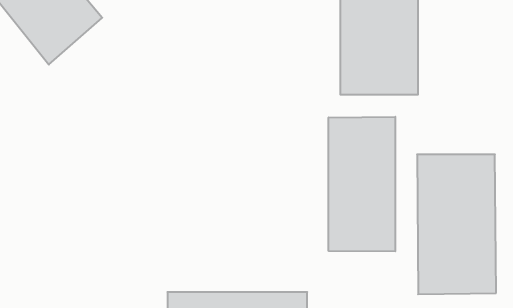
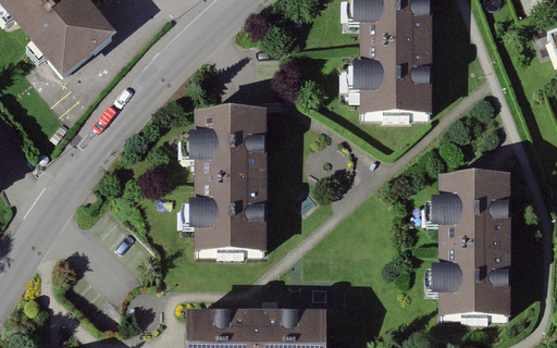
building: none -> [189,107,270,248]
building: [329,117,395,251] -> none

